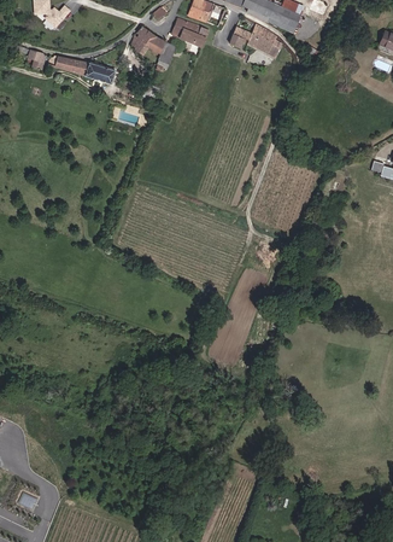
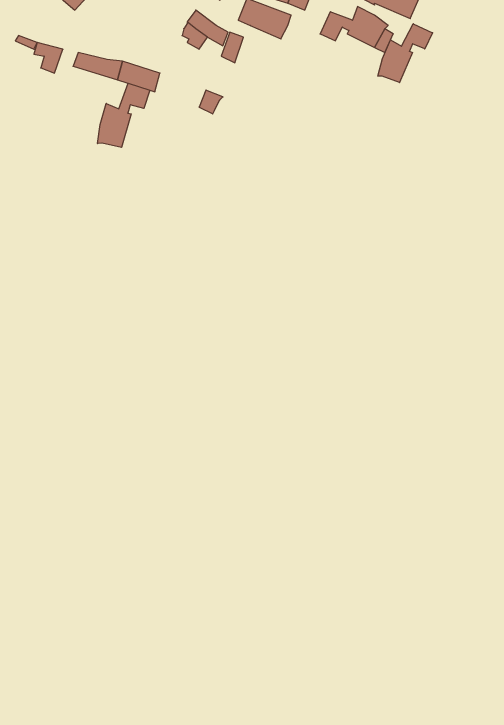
building: none -> [378,24,433,83]
building: none -> [98,83,150,147]

